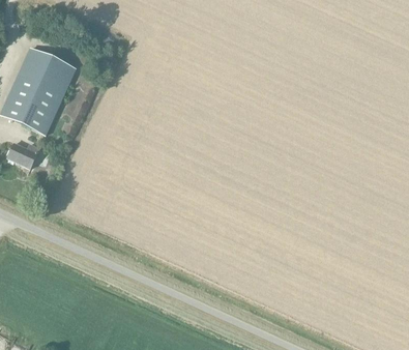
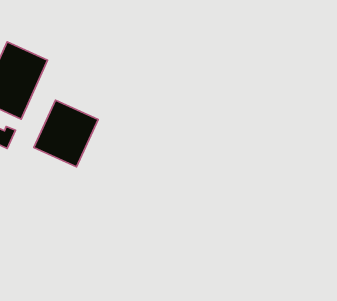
building: none -> [34,100,98,167]

